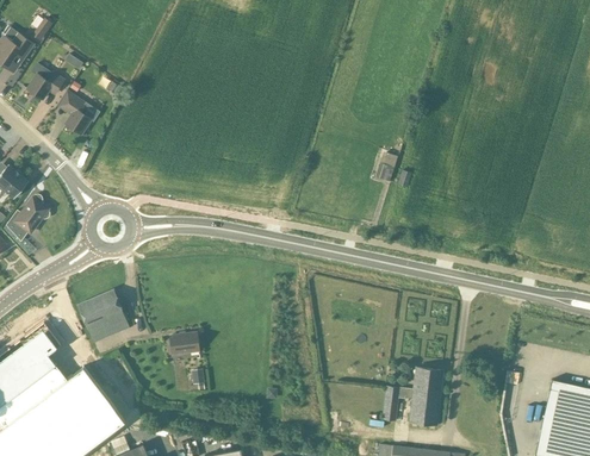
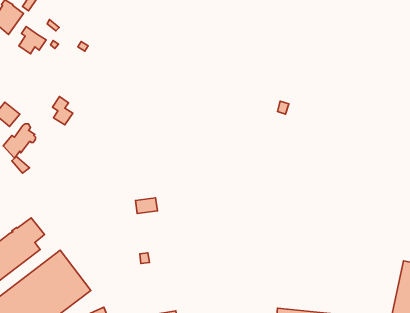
building: [64,96,92,135] -> [53,97,73,125]
building: [76,289,130,343] -> none
building: [169,333,199,355] -> [135,198,157,213]
building: [383,368,443,426] -> none

